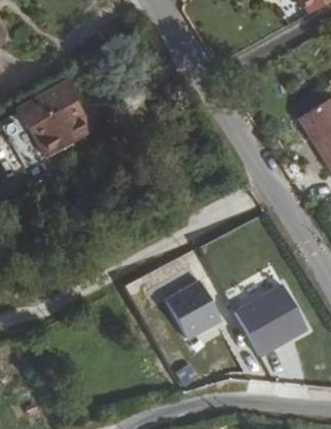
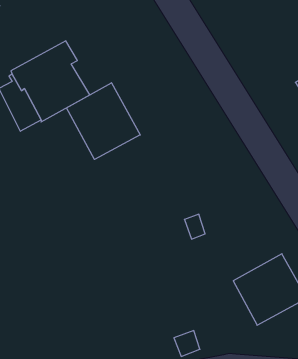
building: none -> [67,83,140,159]
building: [164,282,223,339] -> none

